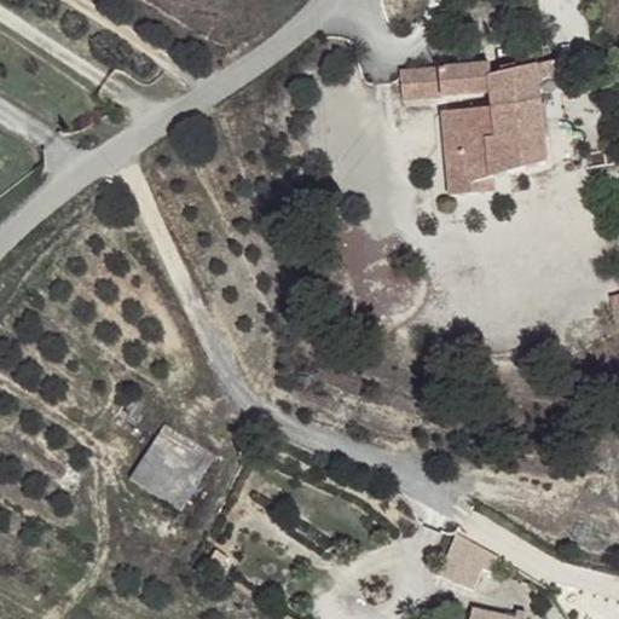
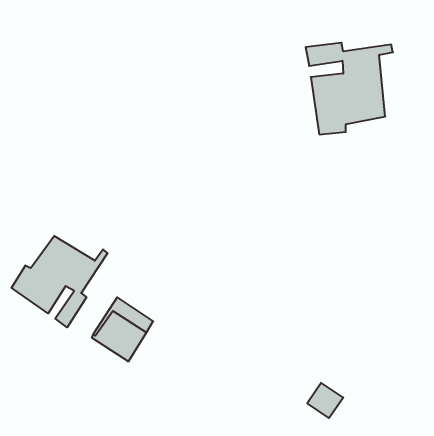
building: [392,66,436,100] -> none
building: none -> [12,236,108,327]

